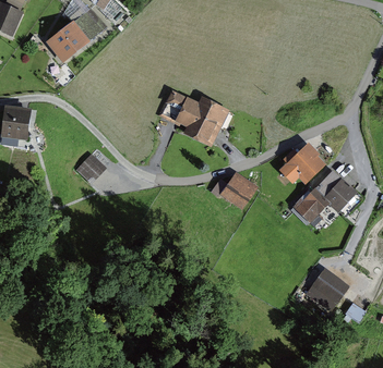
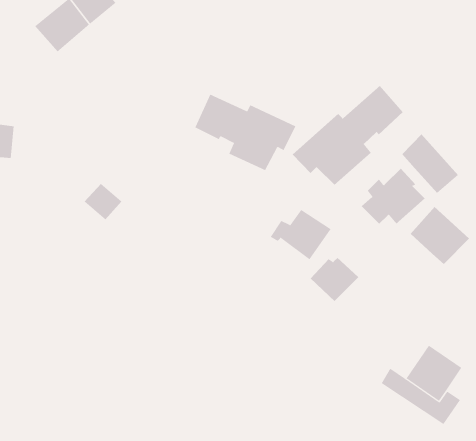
building: none -> [292,85,403,186]
building: none -> [402,133,459,194]
building: [292,189,327,221] -> [310,257,359,302]

